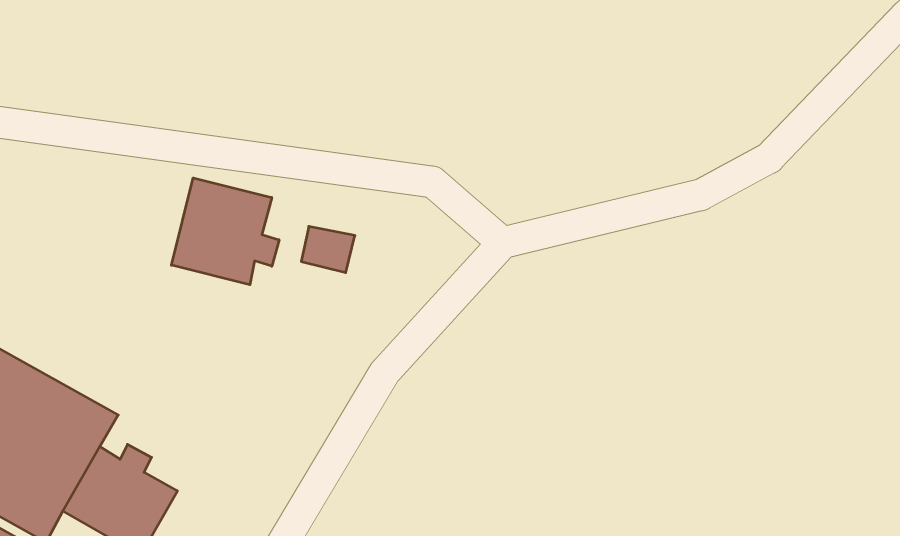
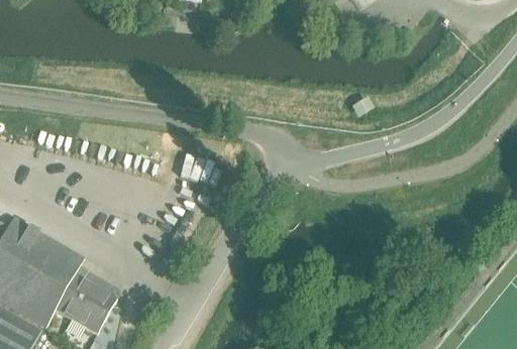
building: [171,178,279,285] -> none

